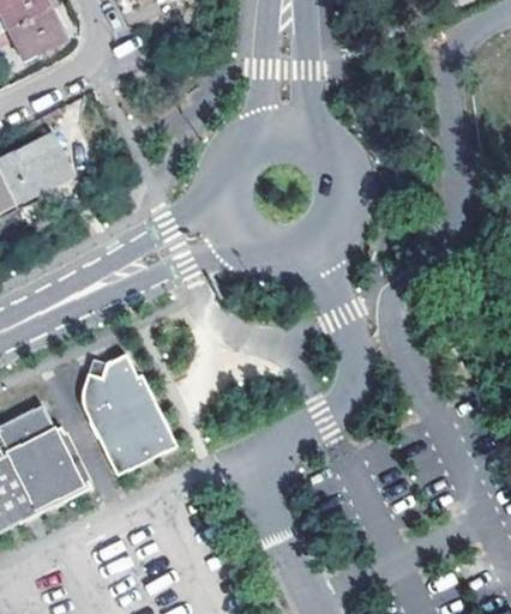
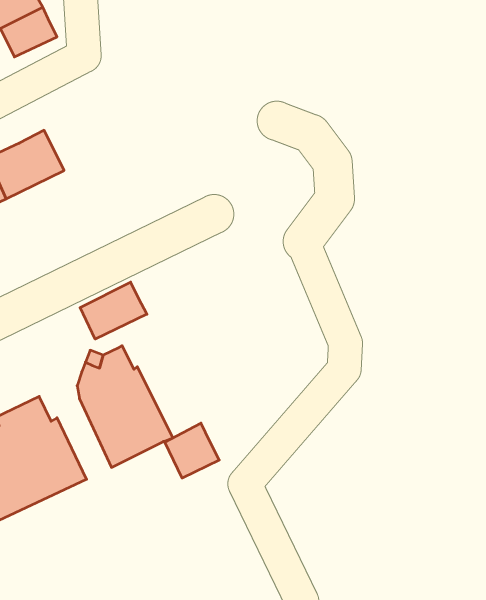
building: none -> [80,282,147,339]
building: none -> [165,423,219,478]

